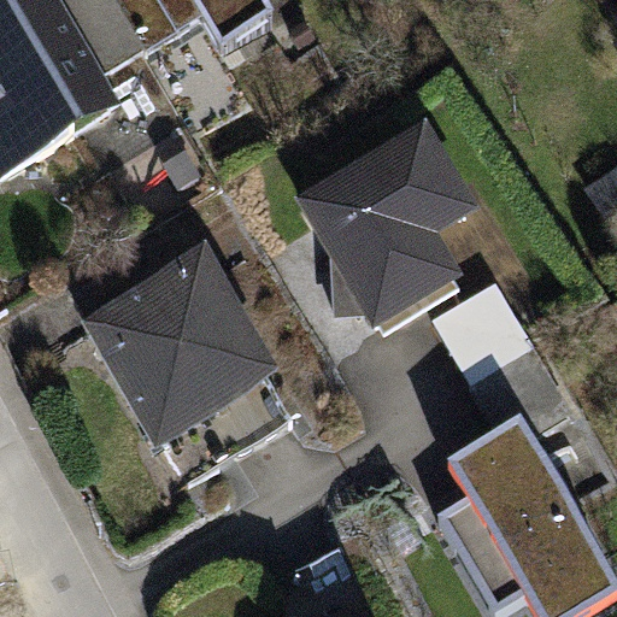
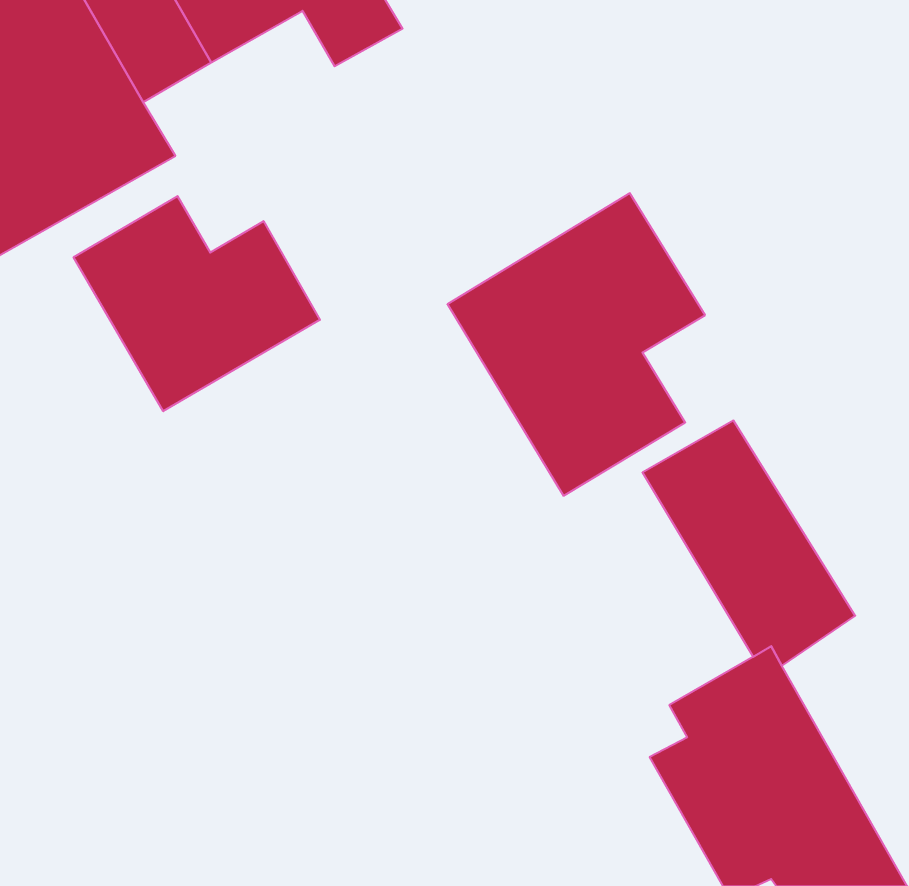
building: none -> [74,196,320,411]
building: [81,249,283,470] -> none

